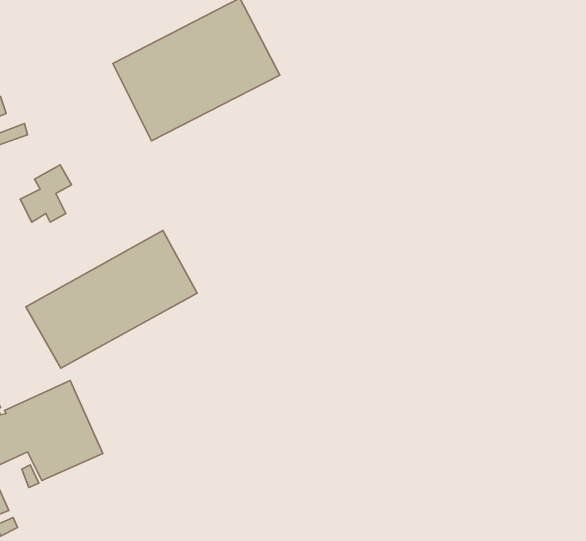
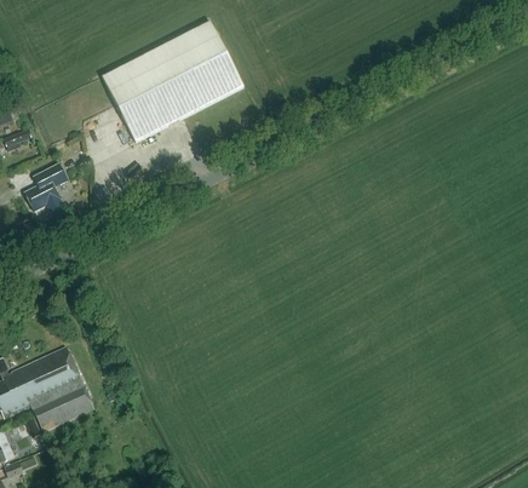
building: [26,230,197,368] -> none

